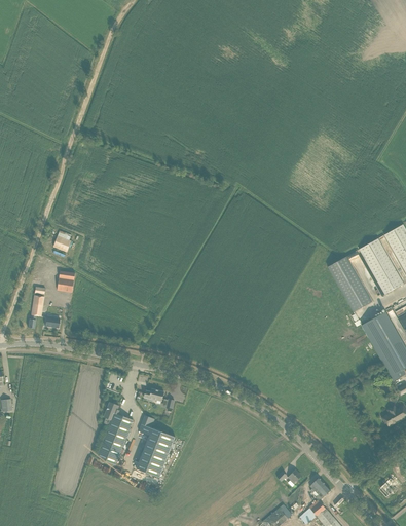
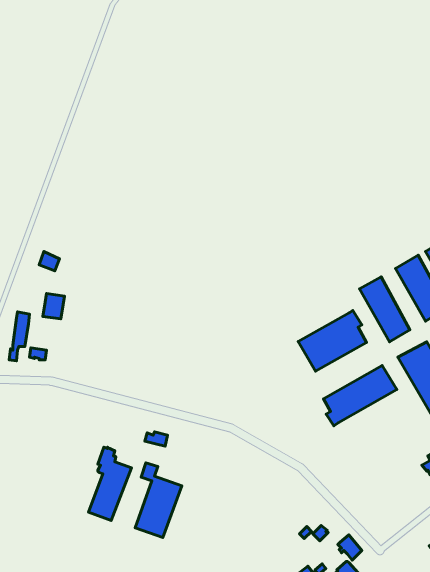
building: none -> [298,310,367,371]
building: none -> [323,365,397,426]

